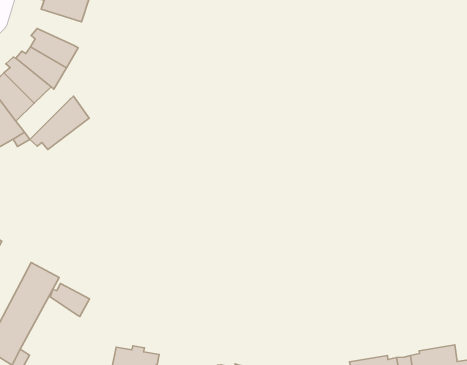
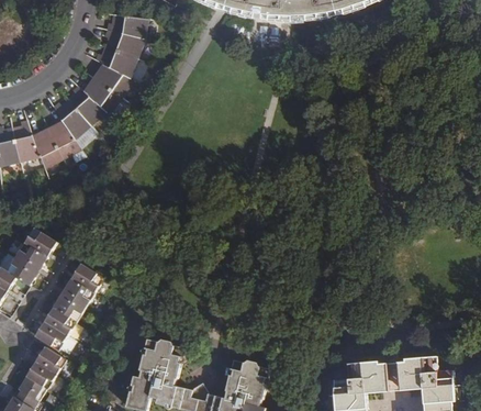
building: none -> [92,46,136,79]
building: [30,96,89,150] -> none
building: [50,284,89,316] -> none

